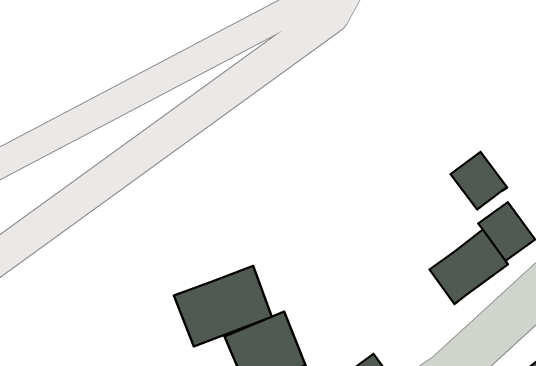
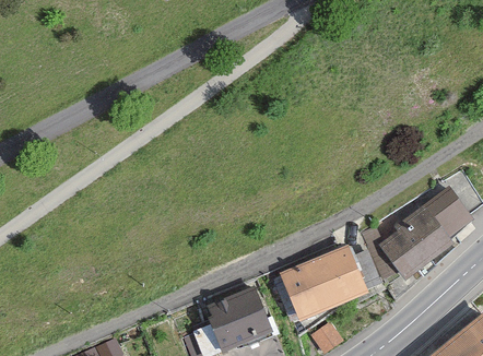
building: [450,152,507,210] -> none
building: [174,266,272,347] -> [274,248,361,319]

